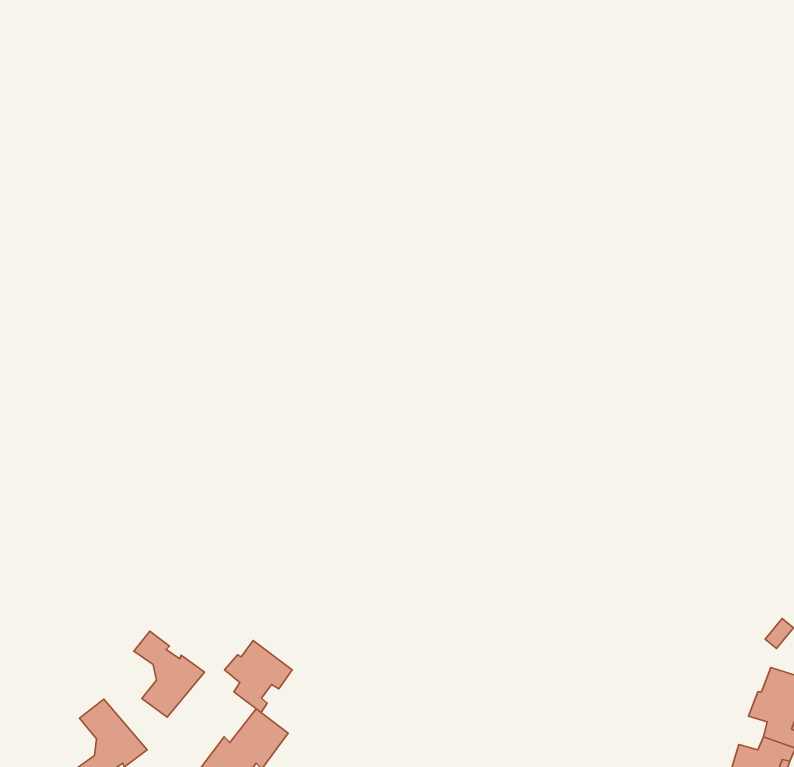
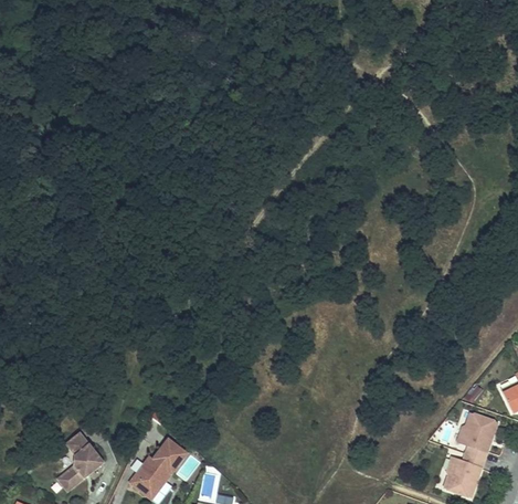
building: [134,631,204,717] -> none
building: [225,641,292,713] -> none

